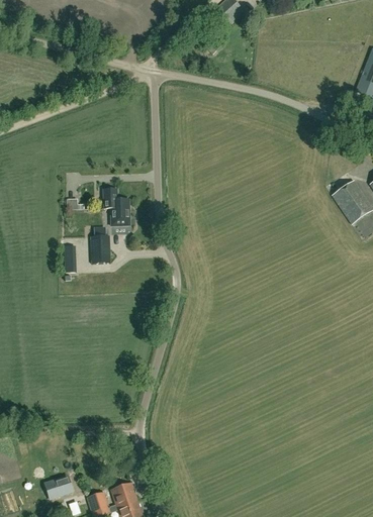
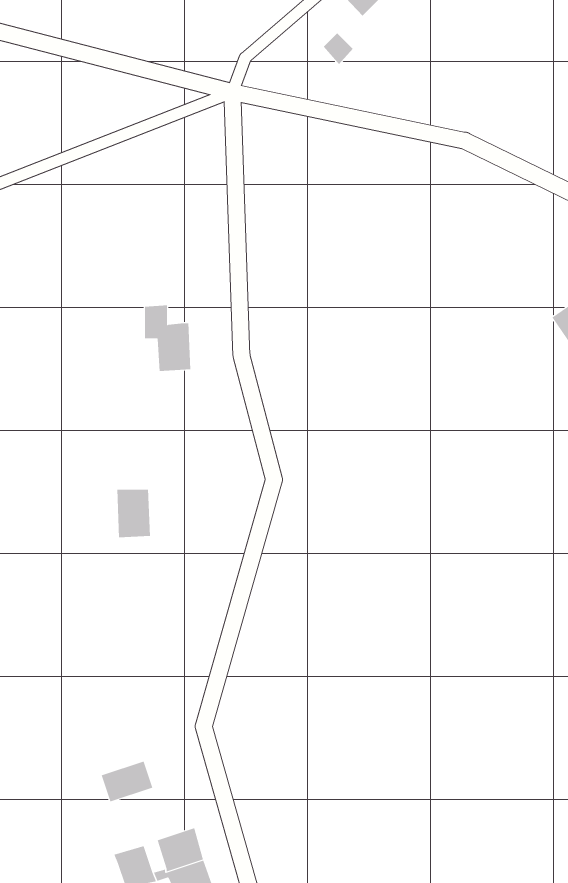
building: [91,235,110,263] -> [116,489,151,538]
building: [43,475,73,498] -> [101,761,153,802]

